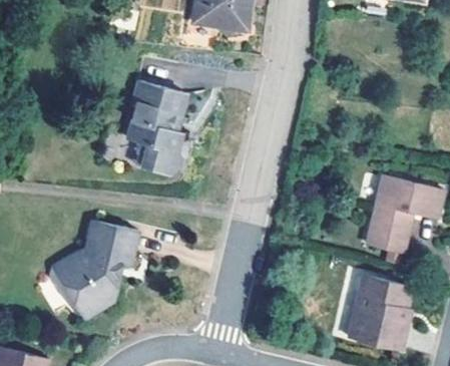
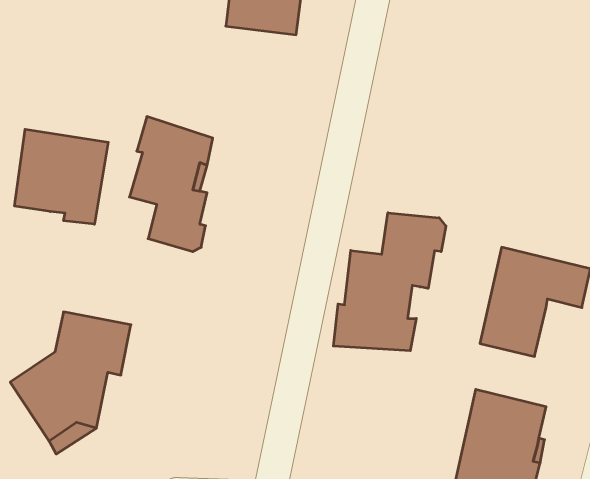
building: none -> [15,129,108,224]
building: none -> [333,213,446,351]

